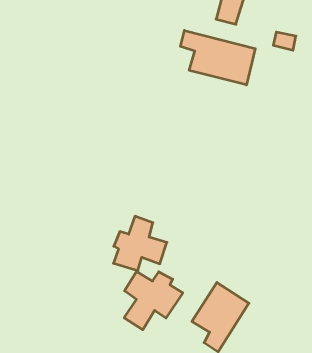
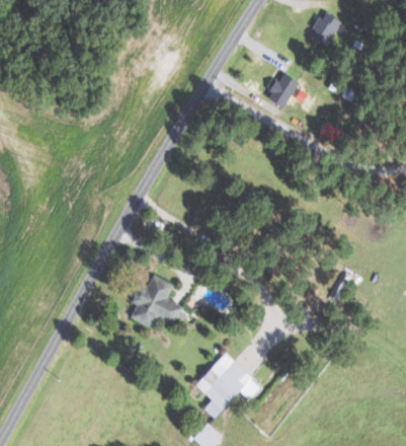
building: [180,30,255,85] -> none
building: [124,271,183,330] -> none

